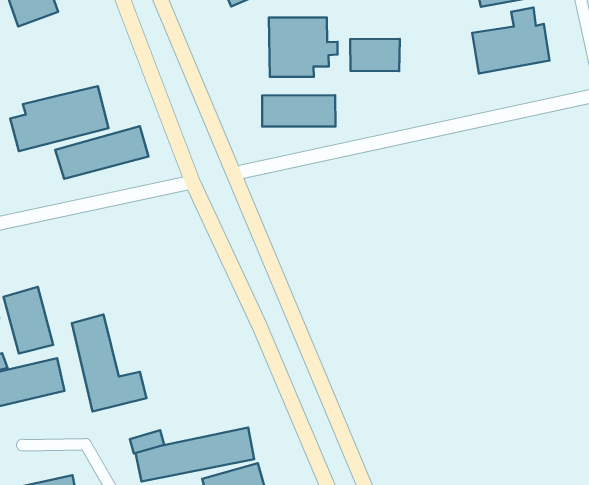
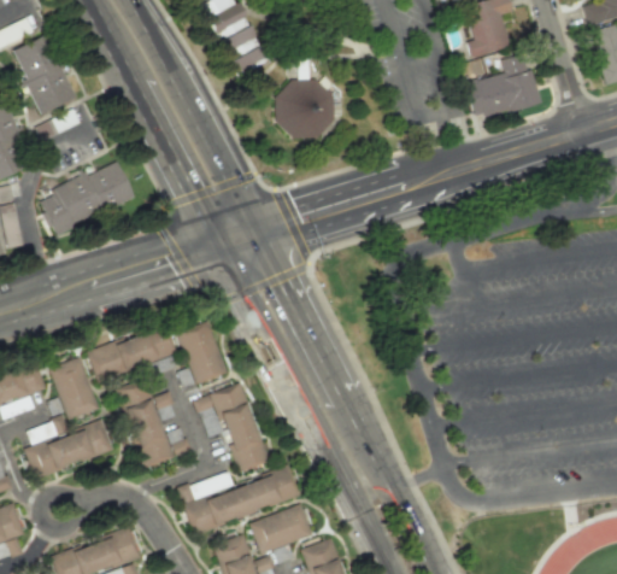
building: [350,39,400,71] -> none
building: [262,95,336,126] -> none
building: [55,126,149,179] -> [87,326,175,381]
building: none -> [178,321,228,383]
building: none -> [195,382,268,472]

